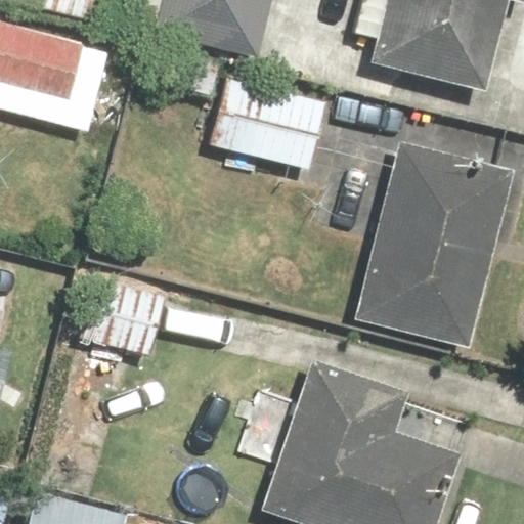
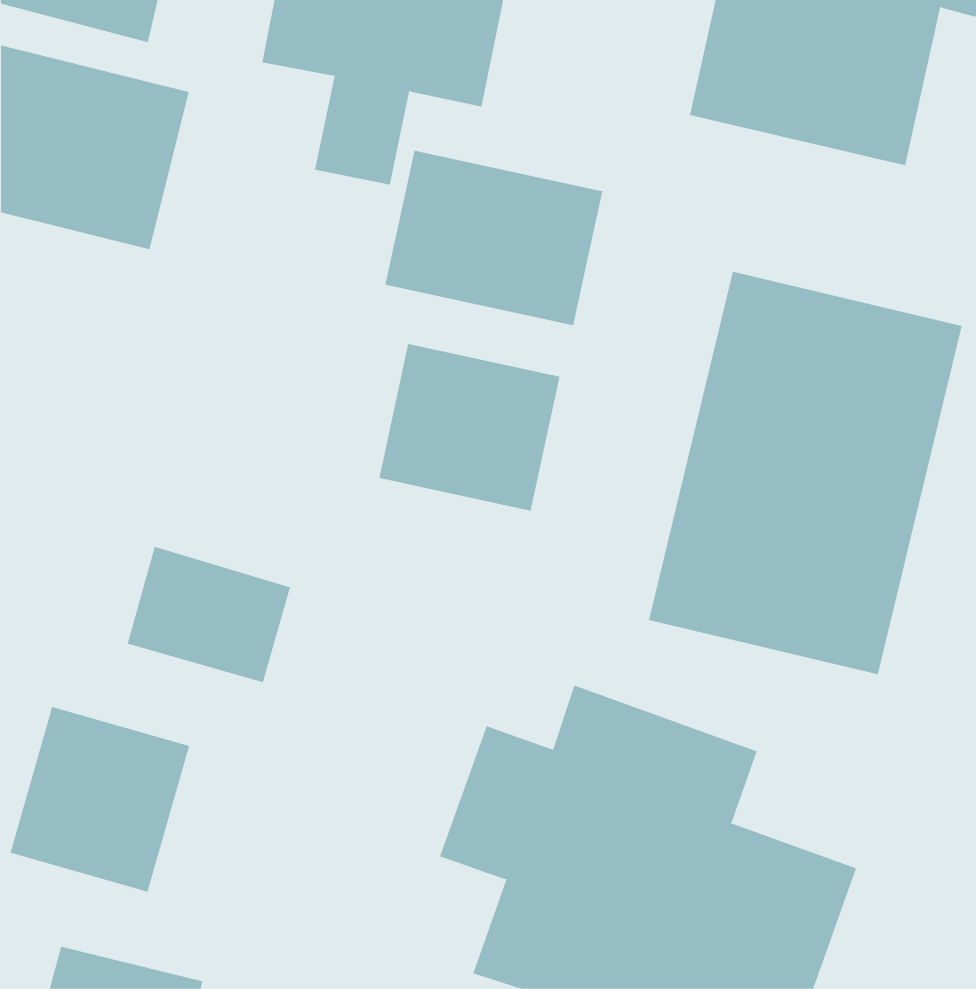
building: none -> [379,343,560,512]
building: none -> [10,706,190,892]

